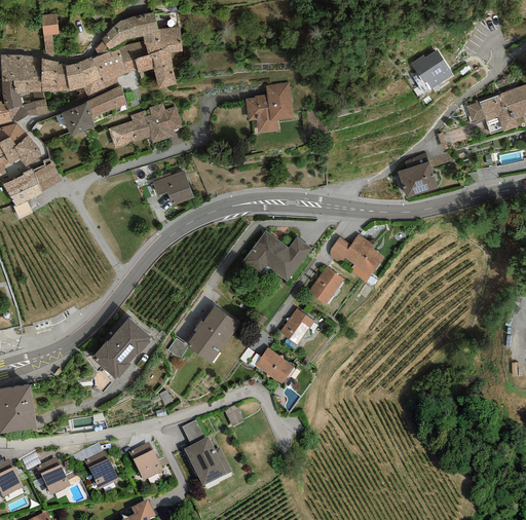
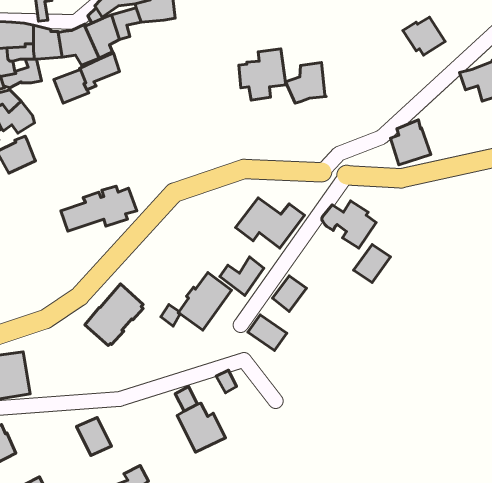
building: [134,52,176,88] -> none
building: none -> [285,62,326,103]
building: [107,103,183,148] -> [61,186,137,231]
building: [34,162,61,191] -> none
building: [152,170,193,205] -> none
building: [307,266,344,304] -> [354,244,391,282]
building: none -> [220,257,264,295]
building: [128,441,162,480] -> none
building: [36,456,70,494] -> none

